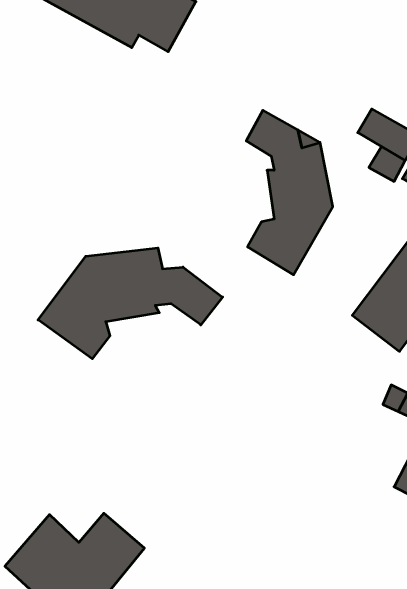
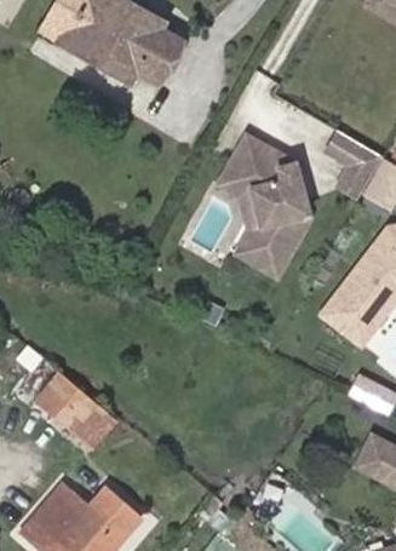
building: none -> [217,161,254,231]
building: [38,248,223,359] -> none
building: none -> [35,375,98,436]

